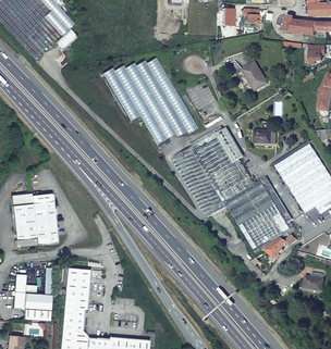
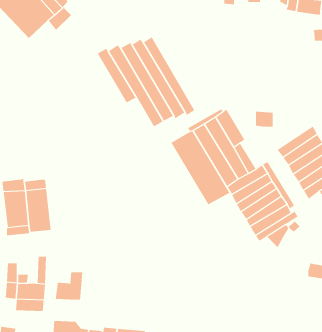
building: [240,60,268,91] -> none
building: [62,267,88,294] -> none
building: [59,309,82,331] -> none

